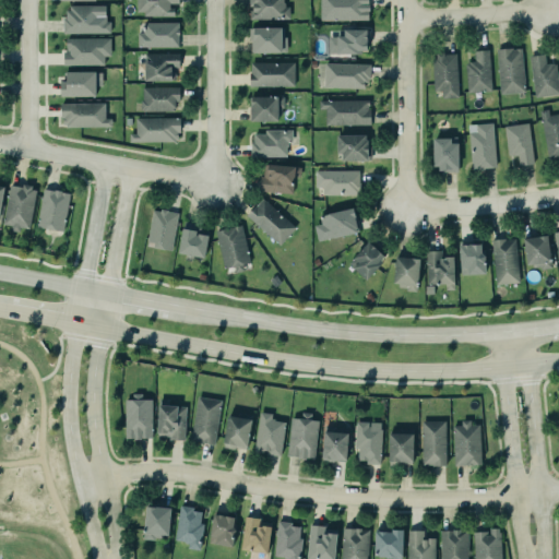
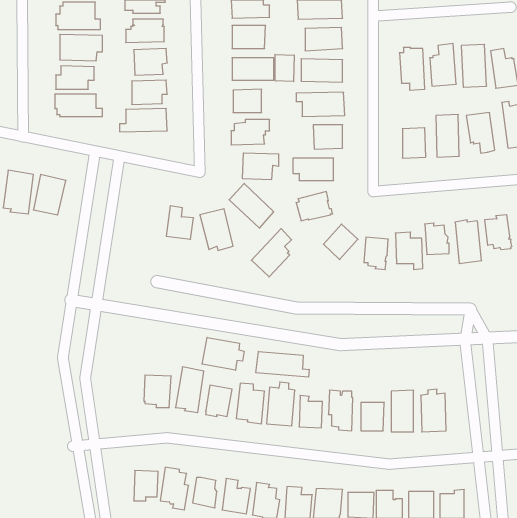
building: none -> [275,54,294,82]
building: [148,210,178,248] -> none
building: none -> [251,229,292,277]
building: none -> [202,337,244,370]
building: none -> [256,351,309,377]
building: [124,392,151,439] -> none

